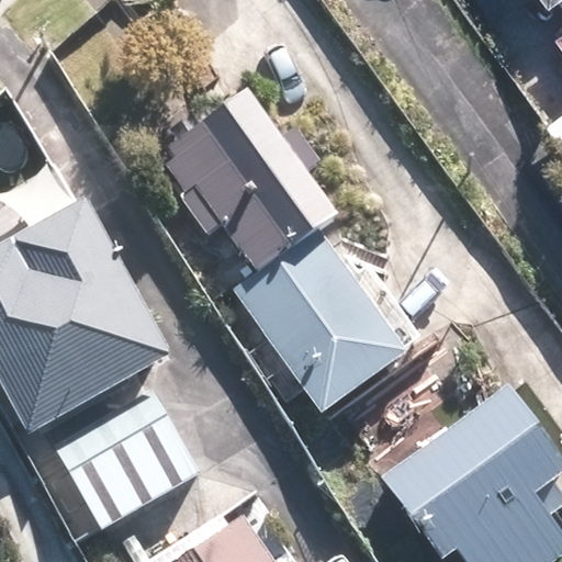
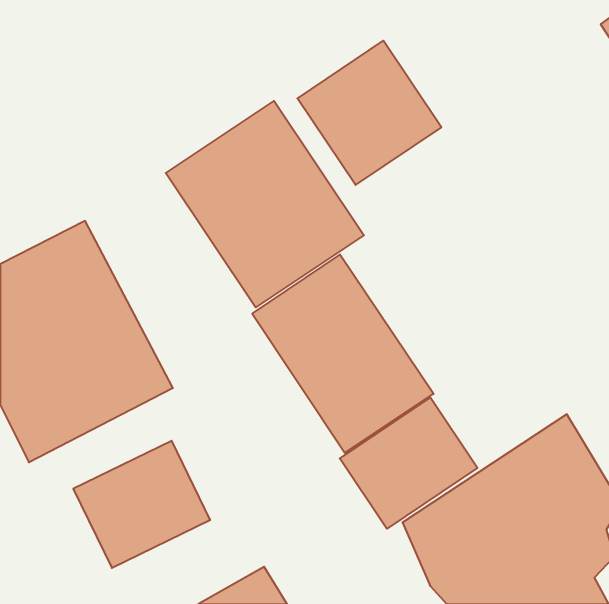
building: none -> [297,41,441,185]
building: none -> [340,398,477,529]

